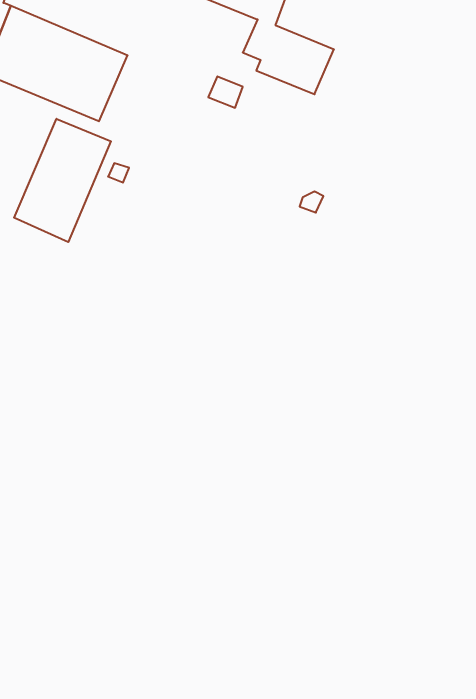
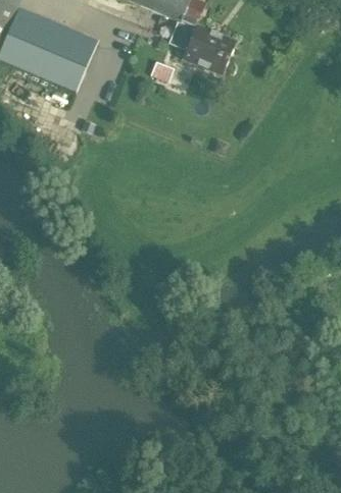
building: [14,119,111,242] -> none

